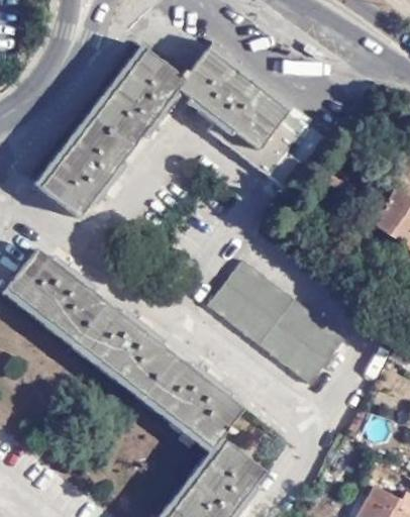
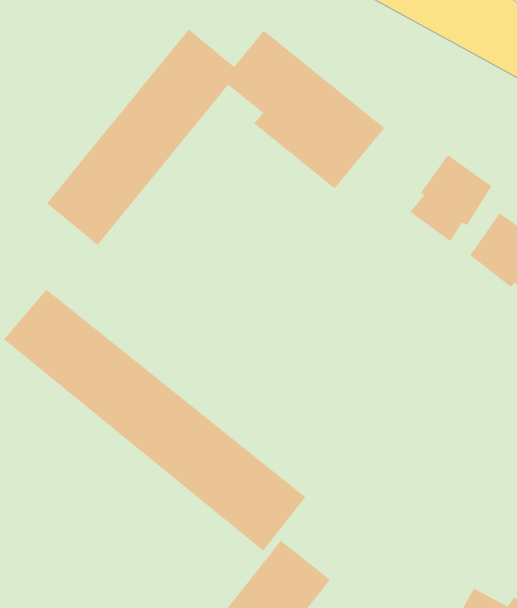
building: none -> [410,154,492,242]
building: [207,264,340,386] -> none

